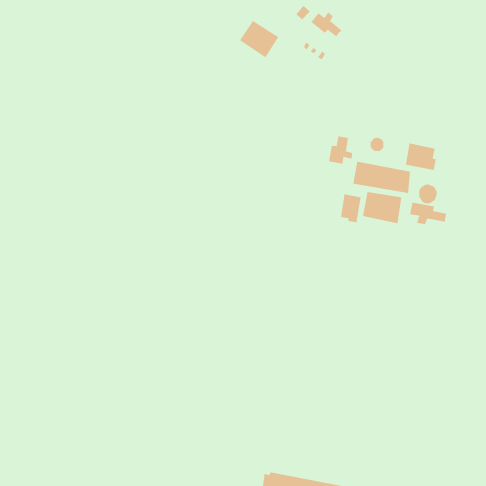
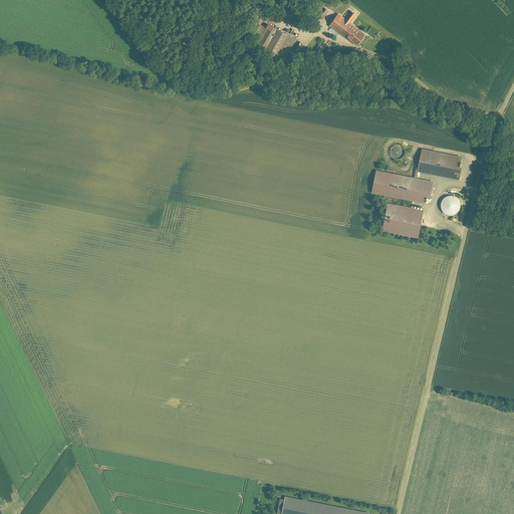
building: [329,135,353,164] -> none
building: [340,194,361,223] -> none
building: [410,202,447,225] -> none

